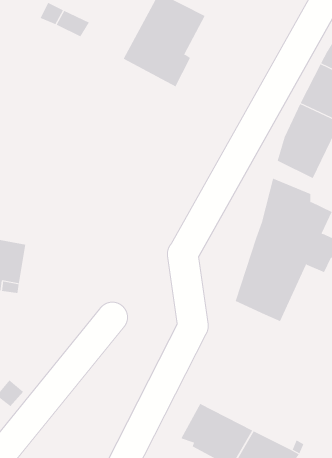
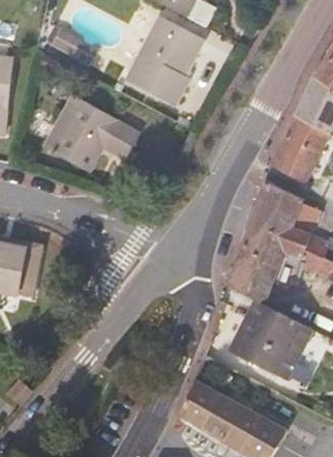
building: none -> [46,96,141,170]
building: none -> [234,310,313,385]

